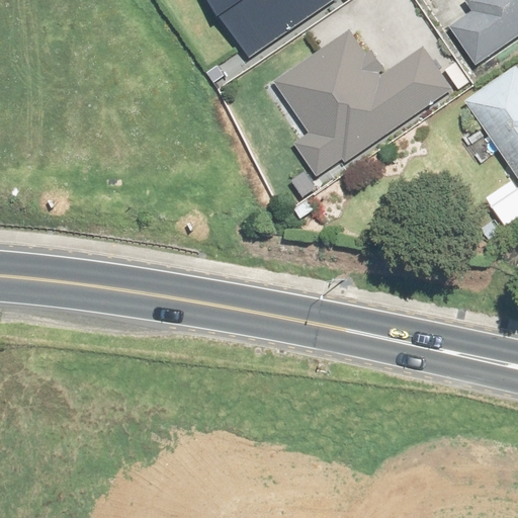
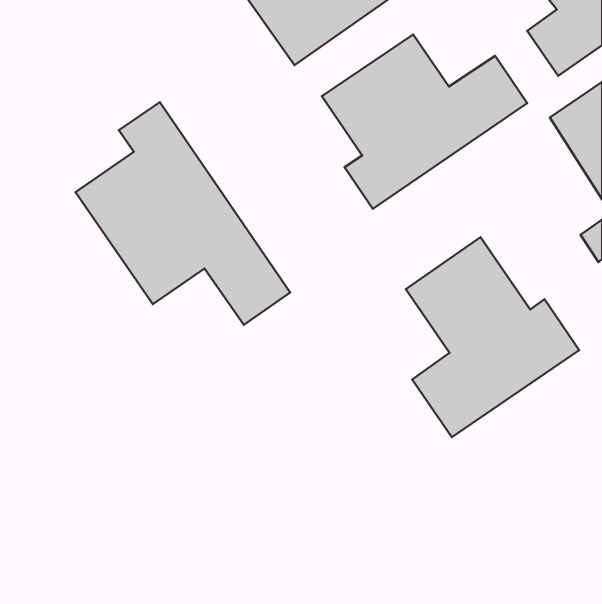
building: none -> [75,102,290,325]
building: none -> [406,237,579,437]

